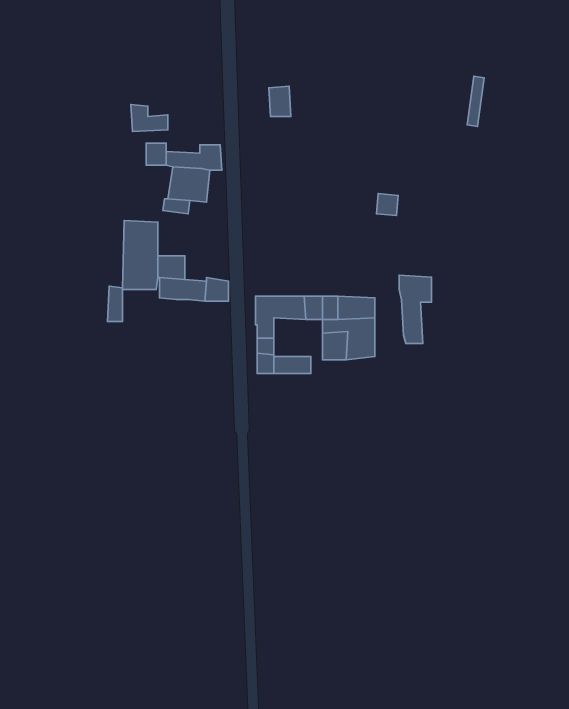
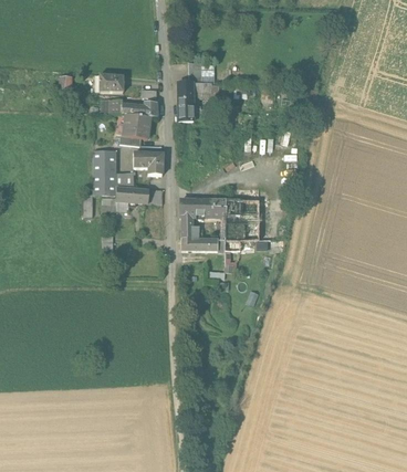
building: none -> [178,90,194,119]
building: none -> [134,151,163,174]
building: [399,275,431,343] -> none

